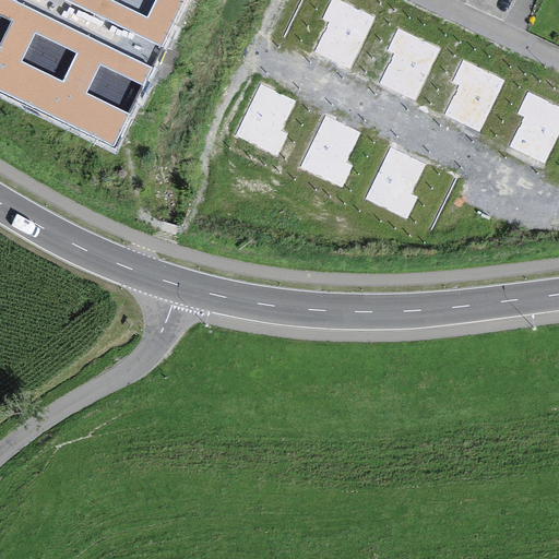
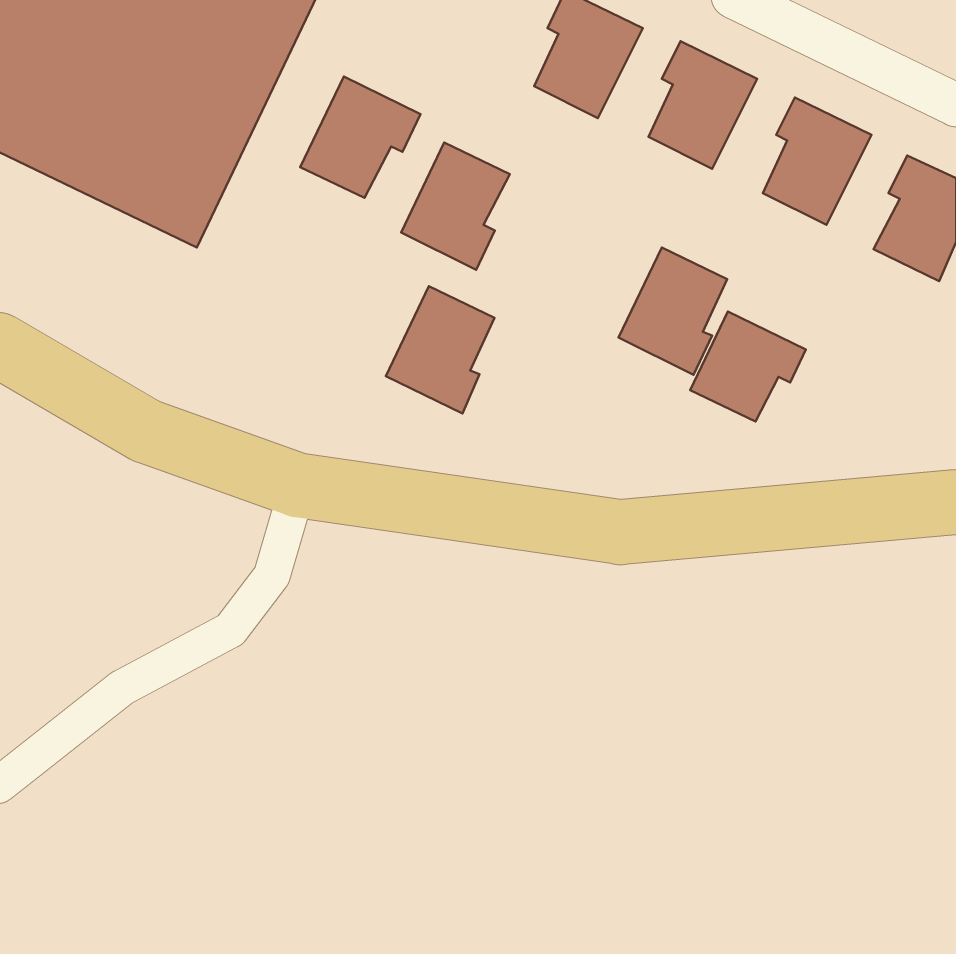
building: none -> [300,76,420,198]
building: [297,114,360,188] -> [386,286,494,414]
building: none -> [690,312,806,421]

